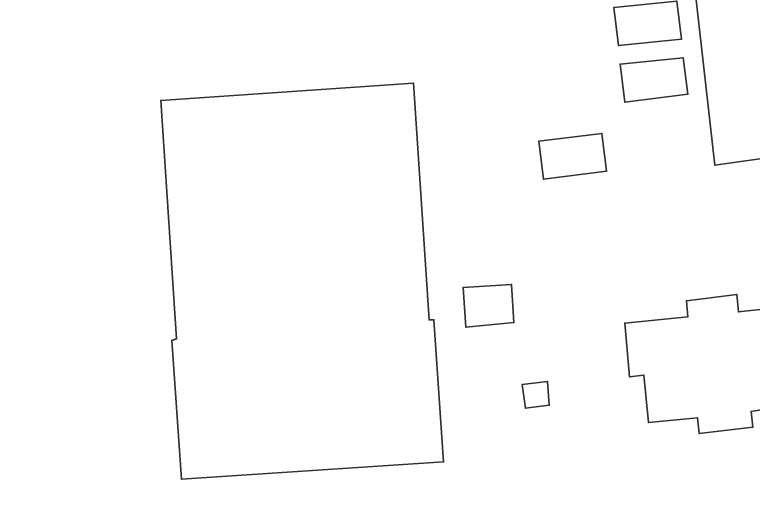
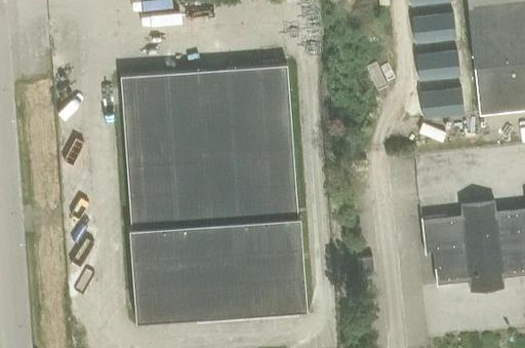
building: [539,133,607,179] -> [423,84,468,114]
building: [463,284,514,327] -> none

